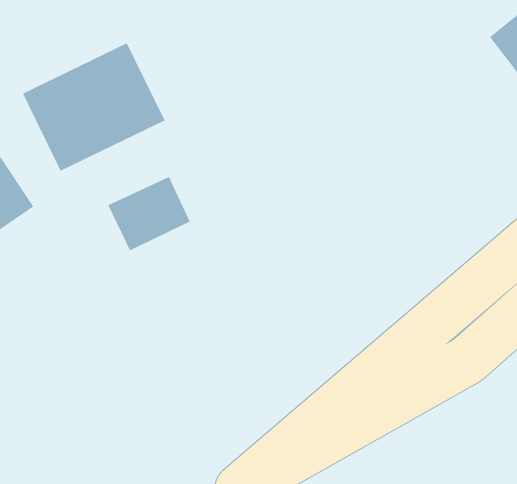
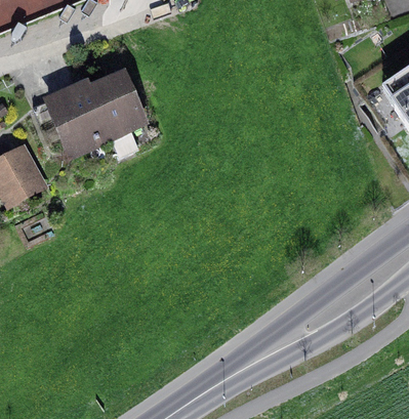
building: [107,176,191,251] -> none

